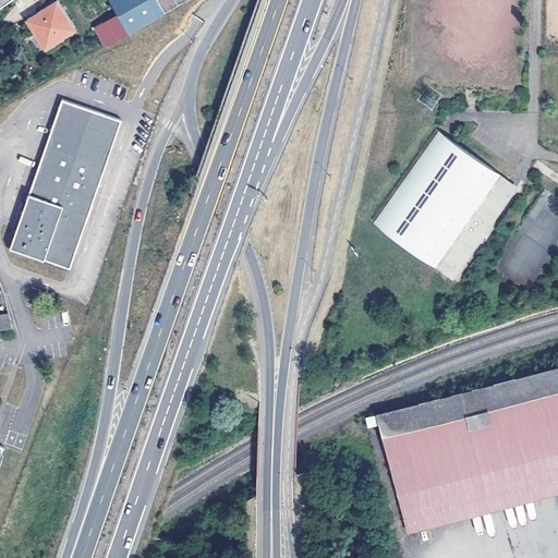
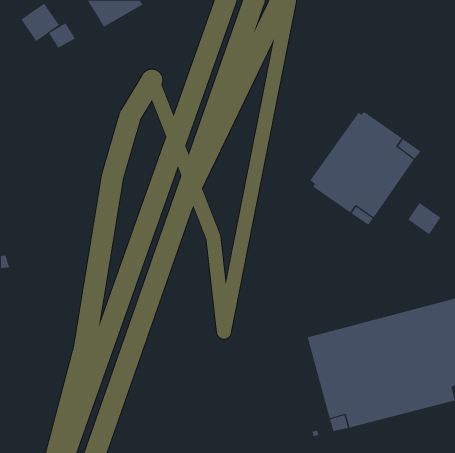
building: [94,17,128,49] -> [48,22,76,48]
building: [10,99,118,268] -> none
building: none -> [408,202,441,235]

